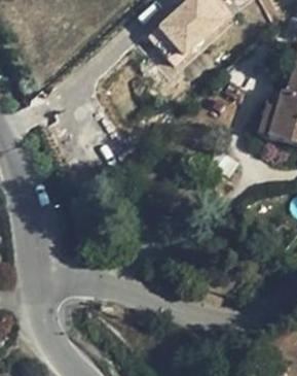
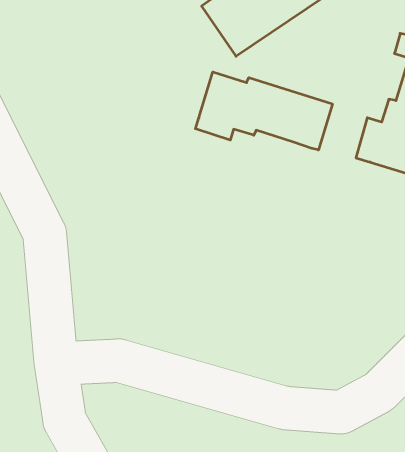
building: none -> [195,72,332,150]

